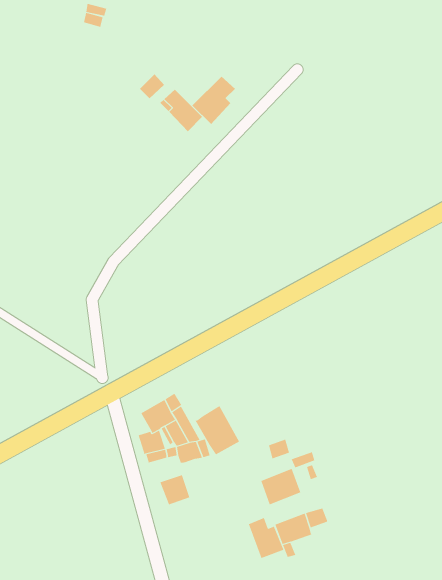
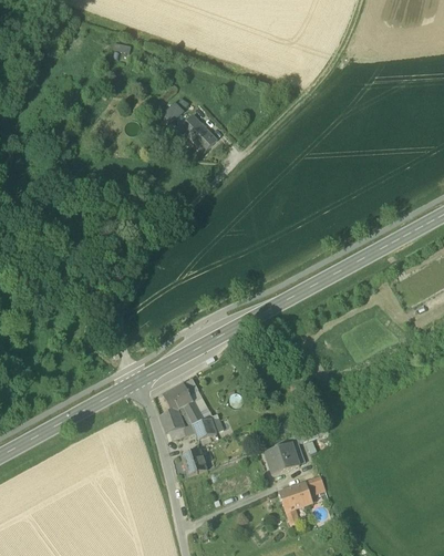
building: [192,76,236,125] -> none
building: [195,405,240,455] -> none
building: [248,517,284,559] -> none

